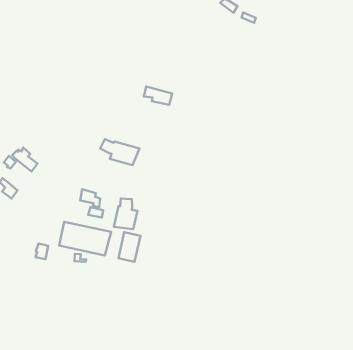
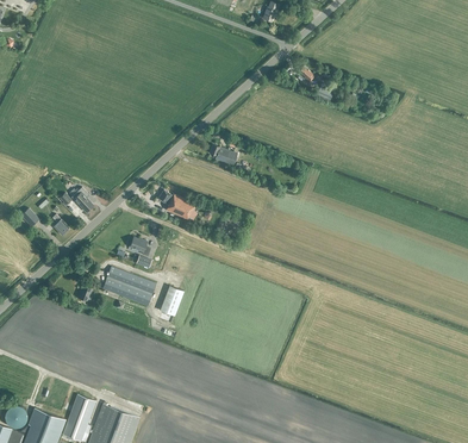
building: [114,198,137,229] -> none

